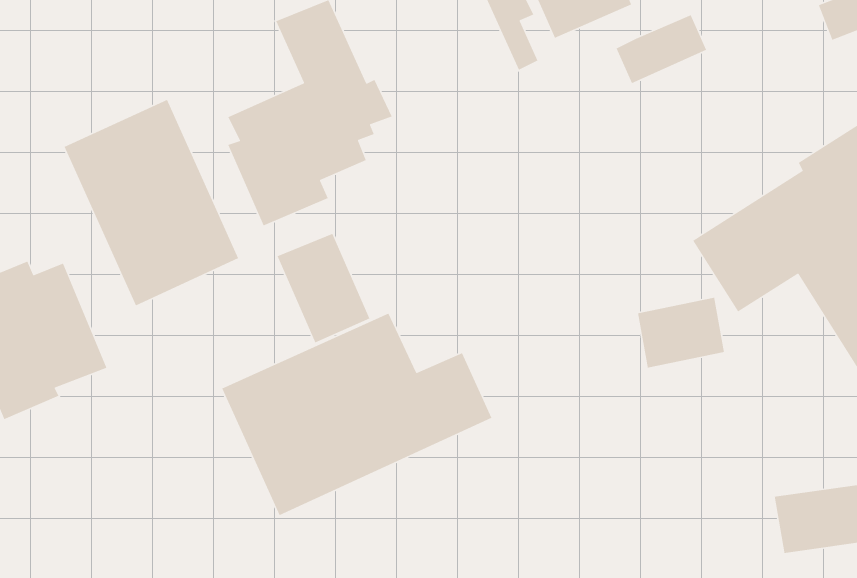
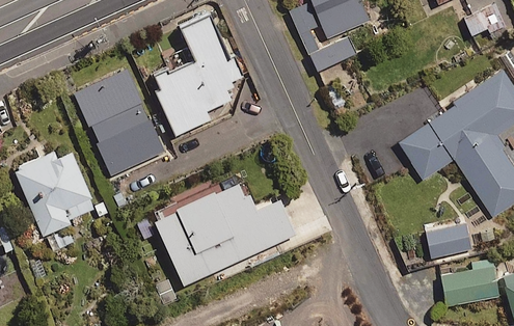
building: [616,14,707,84] -> [308,36,356,73]
building: [276,233,370,343] -> none
building: [637,297,725,369] -> [425,221,470,259]

